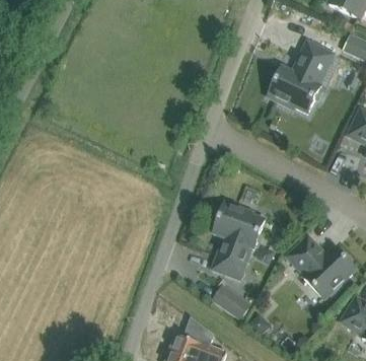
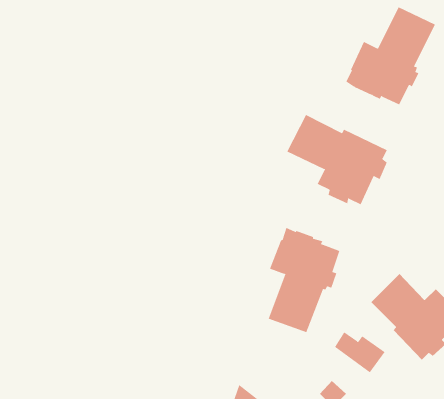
building: none -> [287,114,388,205]
building: [213,288,250,318] -> [334,332,386,373]

